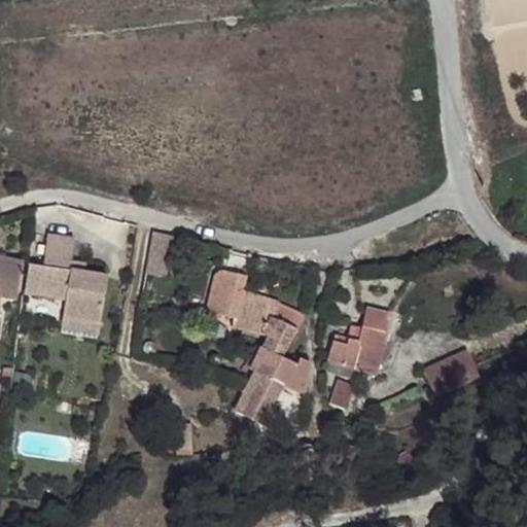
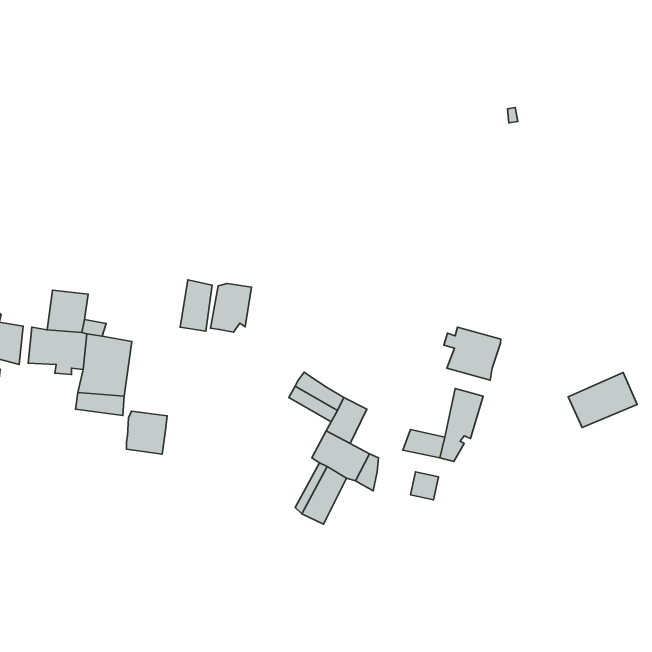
building: none -> [444,327,501,380]
building: [221,268,254,307] -> [211,283,251,332]
building: none -> [126,411,167,454]
building: [426,352,482,396] -> [568,372,637,427]

